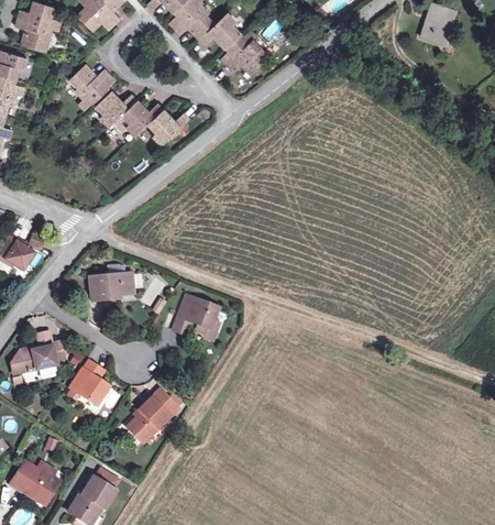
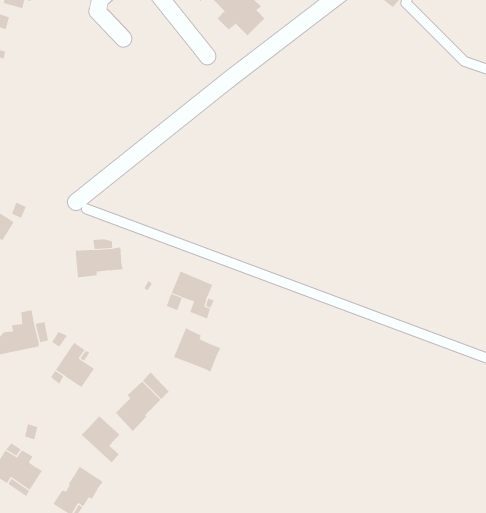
building: [73,70,191,149] -> none
building: none -> [173,328,221,372]
building: none -> [81,415,120,463]

